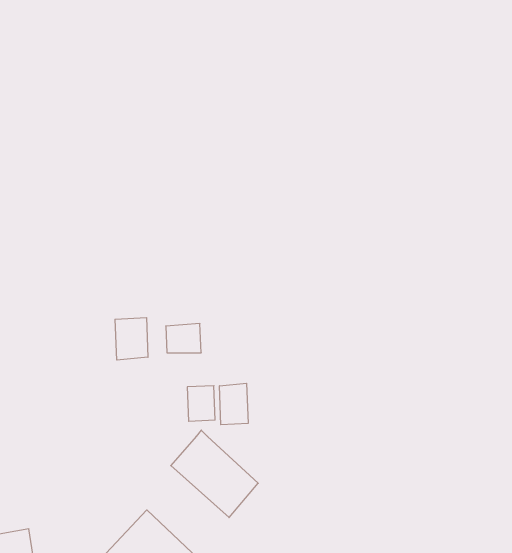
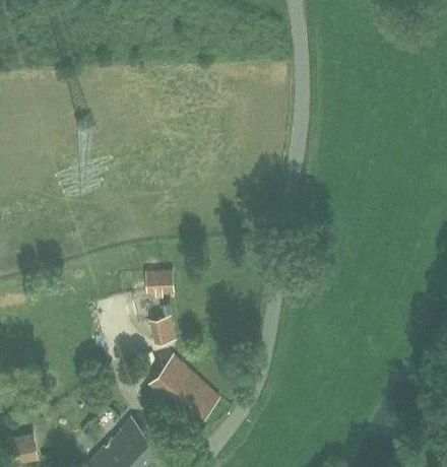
building: [115,318,148,360] -> none
building: [220,383,248,425] -> none

